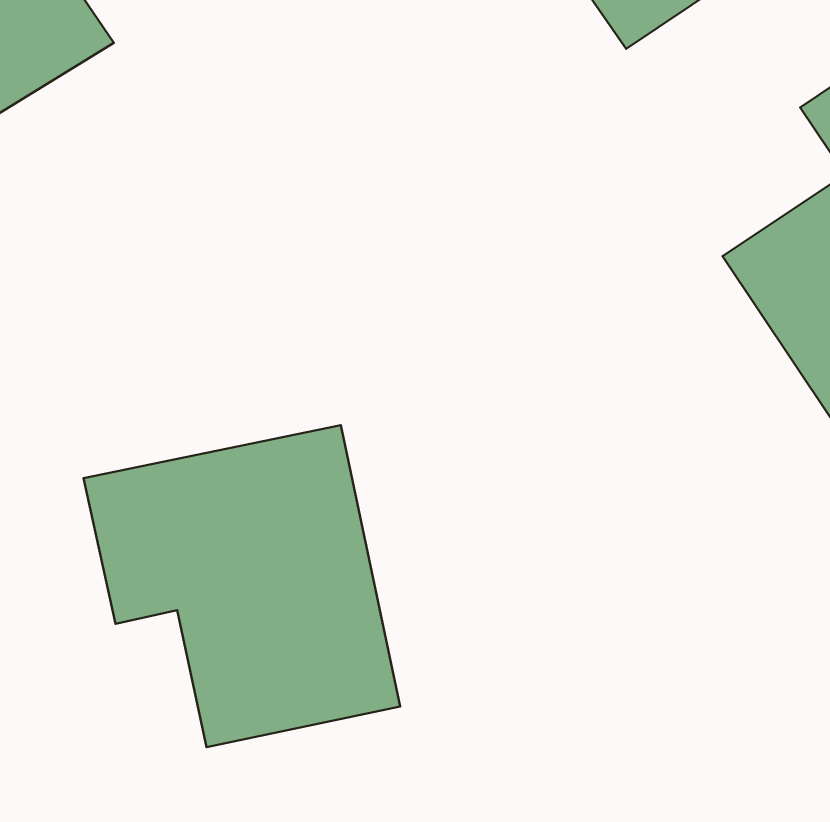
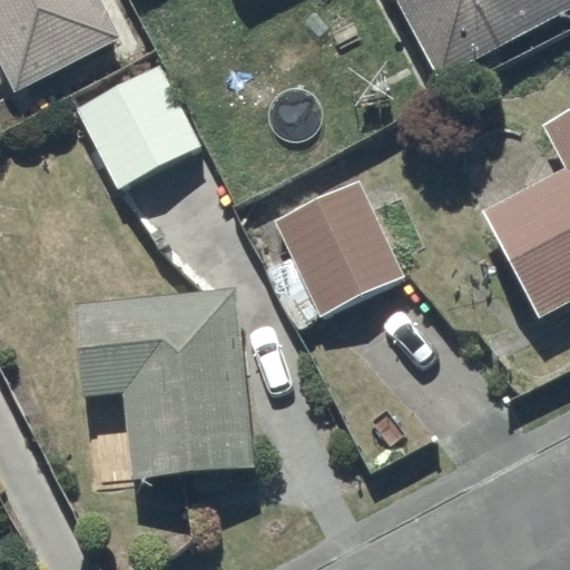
building: none -> [77,63,202,187]
building: none -> [264,179,404,328]

